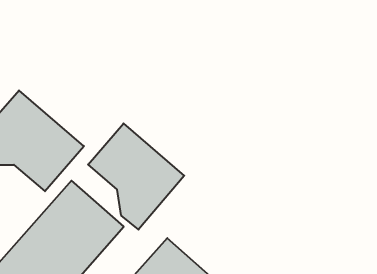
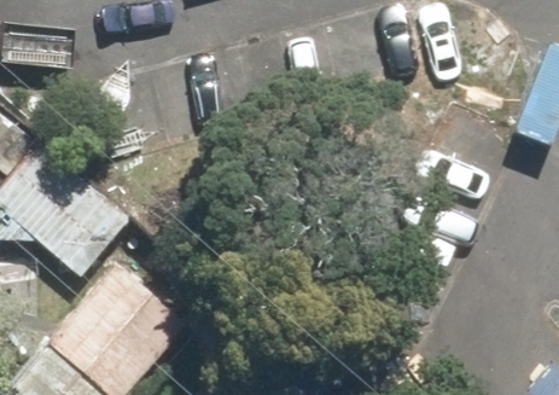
building: [88,123,184,230] -> none

